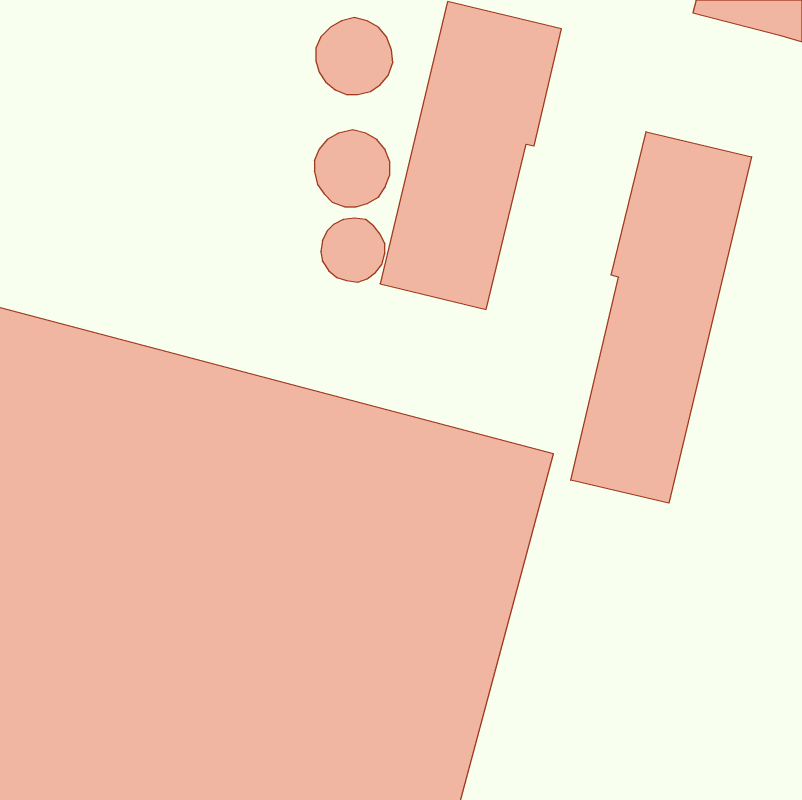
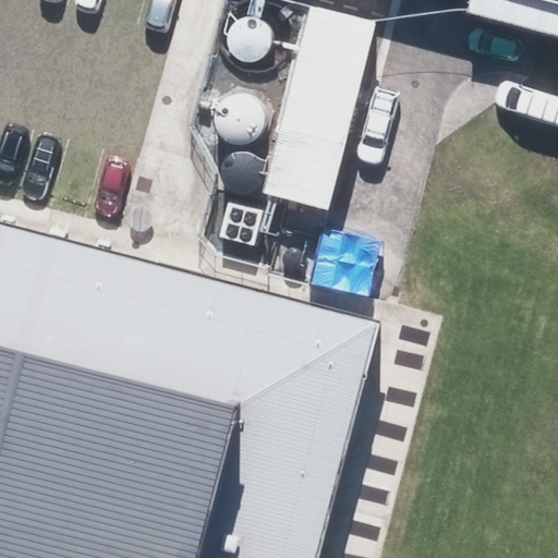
building: [571,132,752,503] -> none

